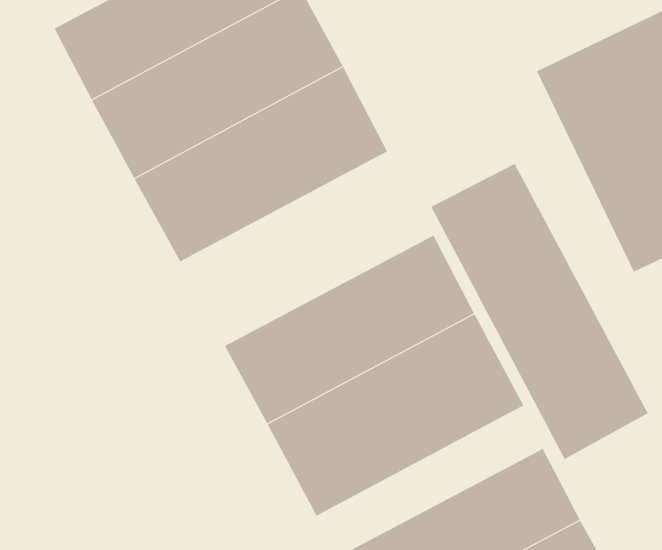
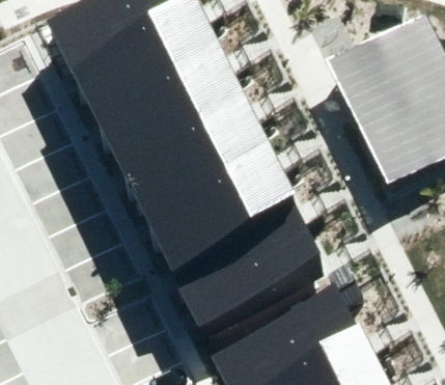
building: none -> [116,107,271,225]
building: [430,163,649,460] -> none

